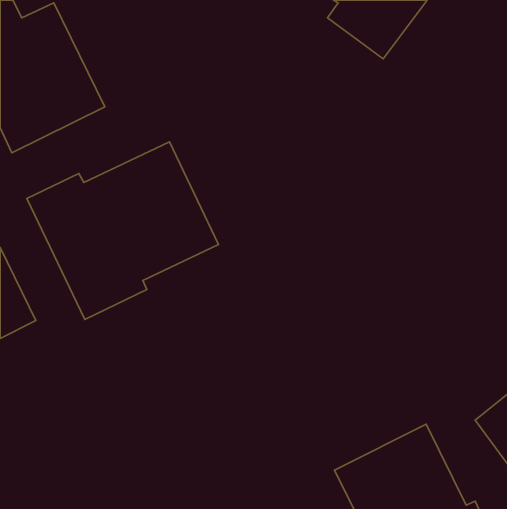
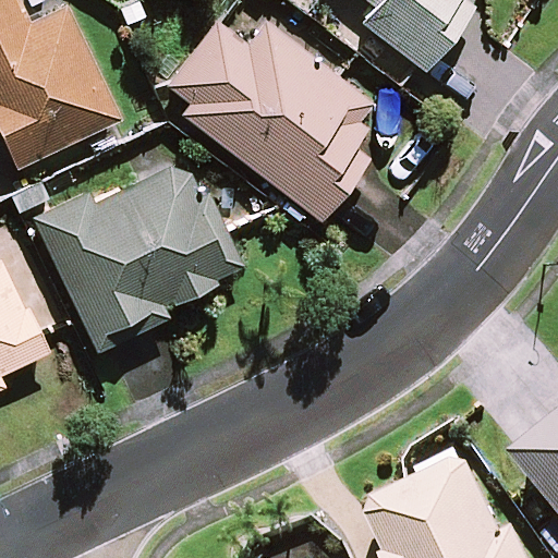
building: none -> [165,21,373,221]

